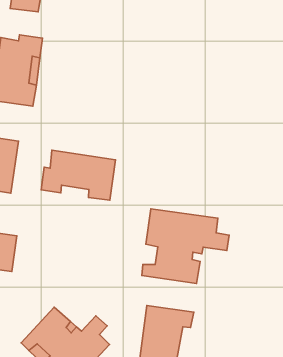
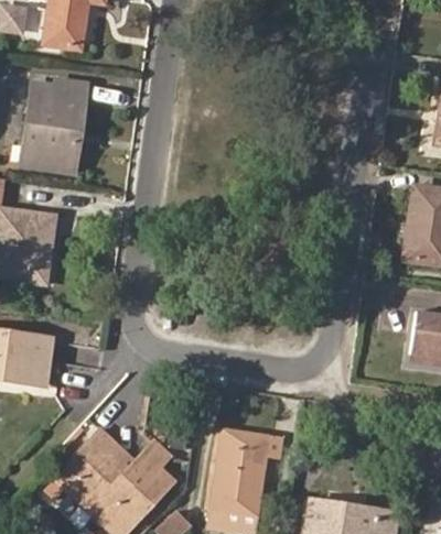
building: [41,150,116,200] -> none
building: [142,209,229,284] -> none

